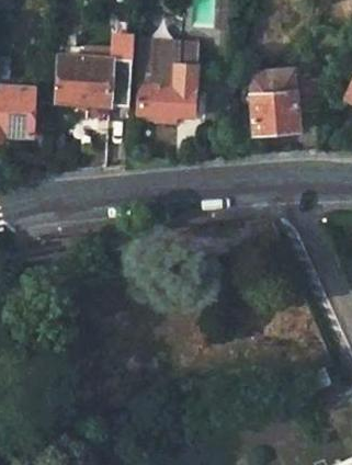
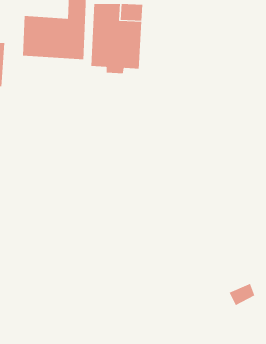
building: [251,69,319,136] -> none

